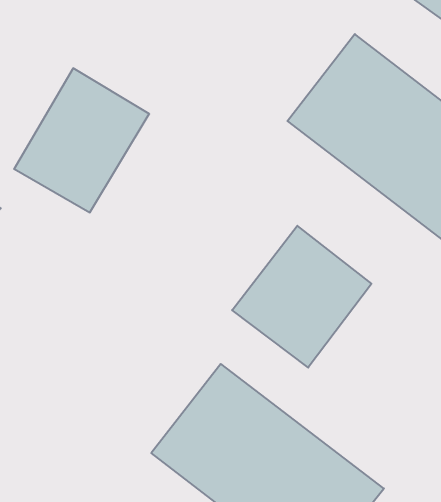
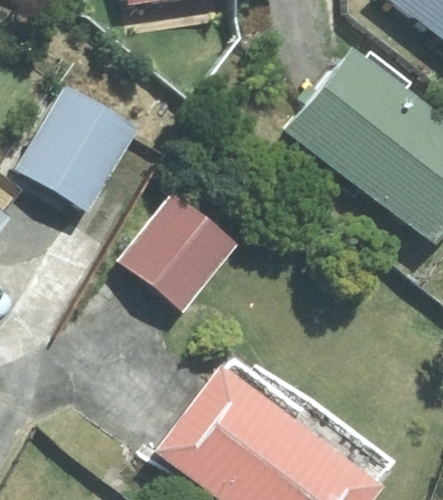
building: none -> [121,193,240,313]
building: [232,226,371,368] -> none

